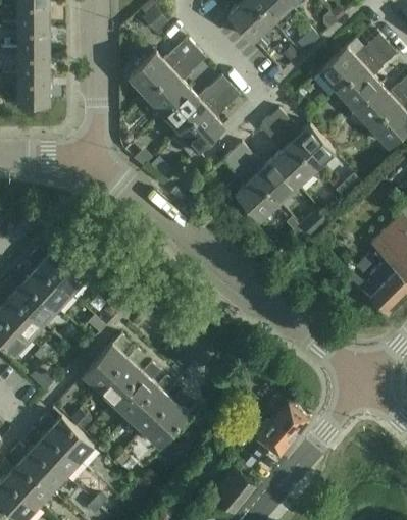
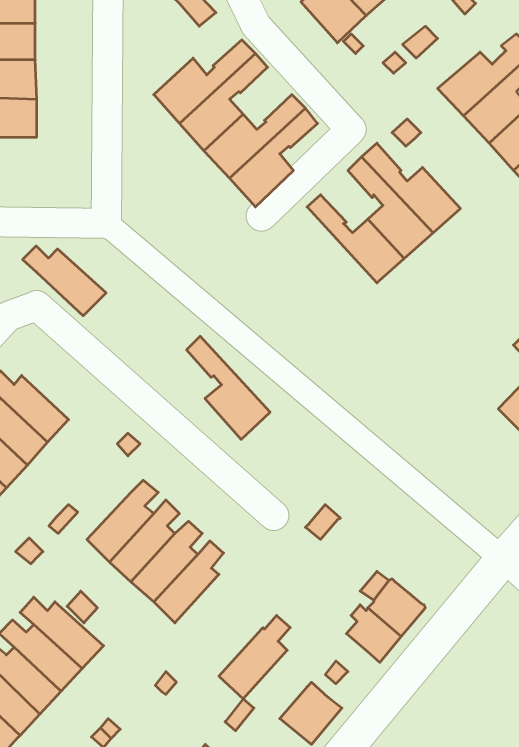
building: [221,153,277,222] -> [187,336,270,439]
building: [30,249,86,296] -> [23,246,106,316]
building: [142,392,190,448] -> [219,615,290,699]

